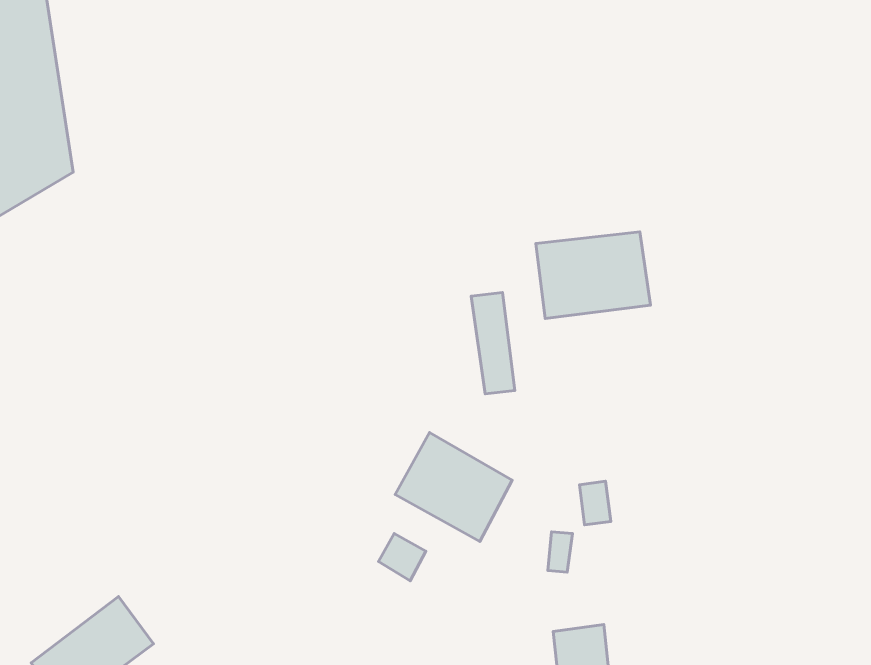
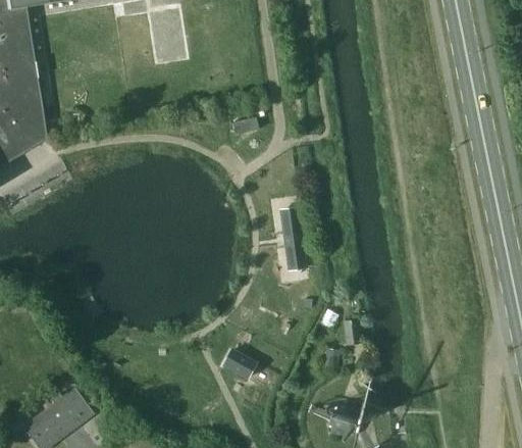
building: [536,232,651,318] -> none
building: [395,433,512,541] -> none

